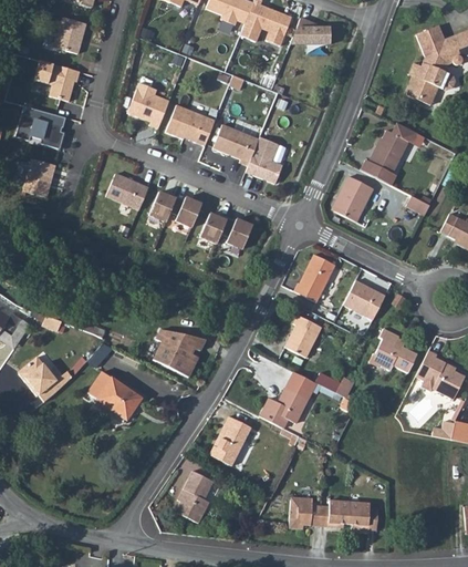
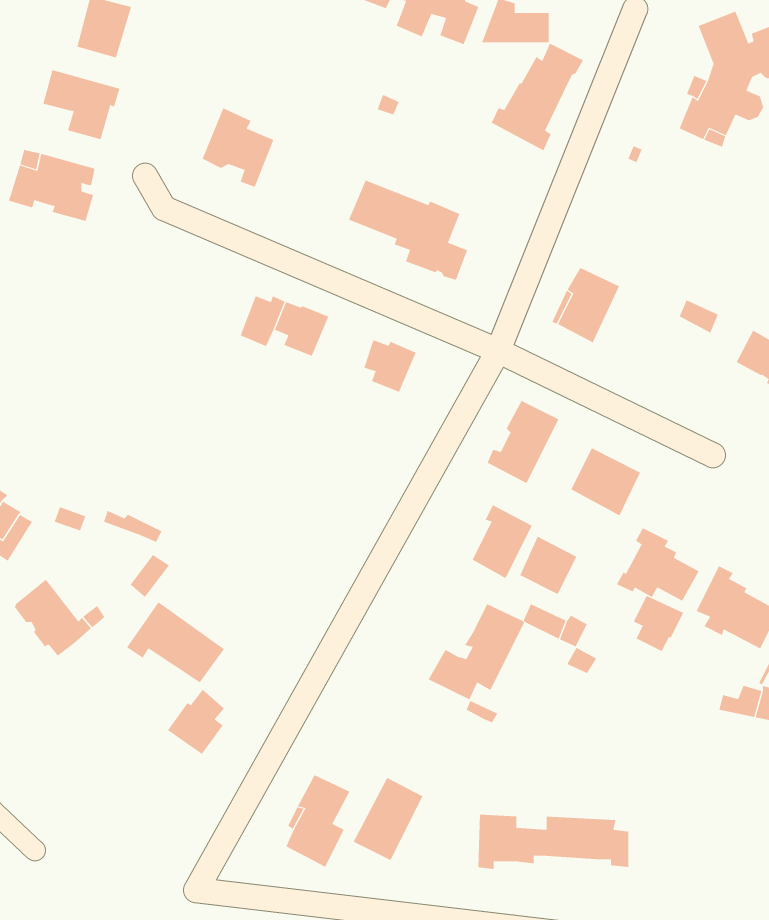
building: [167,105,216,146] -> none
building: [361,122,415,185] -> [491,43,584,151]
building: [24,159,55,198] -> none
building: [107,174,149,210] -> none
building: [201,214,228,244] -> none
building: [153,329,204,378] -> none
building: none -> [519,536,577,595]
building: none -> [633,595,684,652]
building: [210,416,251,465] -> [353,777,423,861]
building: none -> [167,689,225,755]

